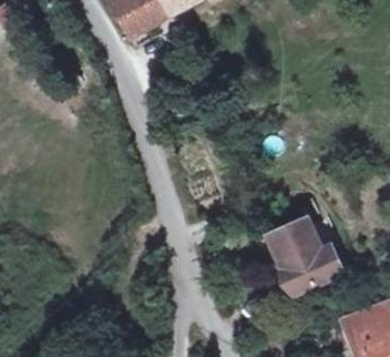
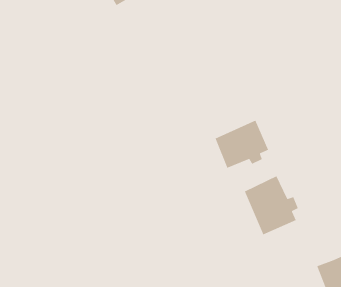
building: none -> [214,119,269,169]

